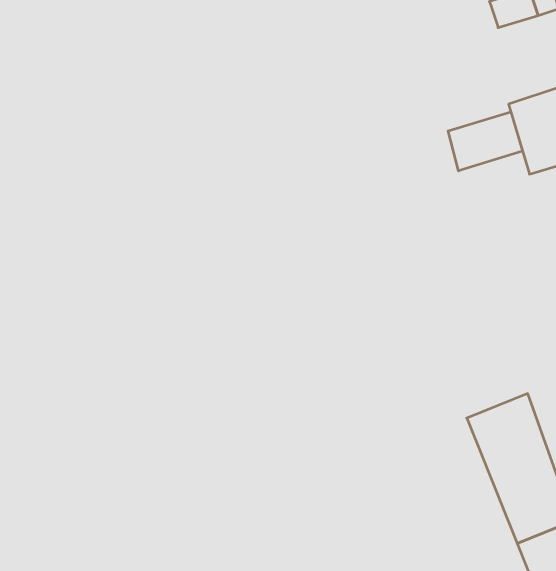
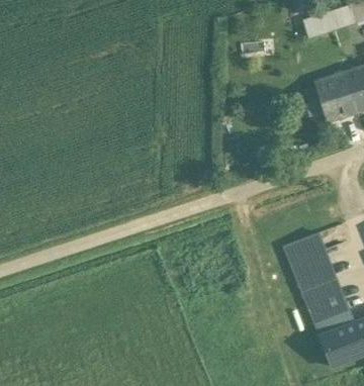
building: [448,112,523,171] -> none
building: none -> [283,231,326,263]

